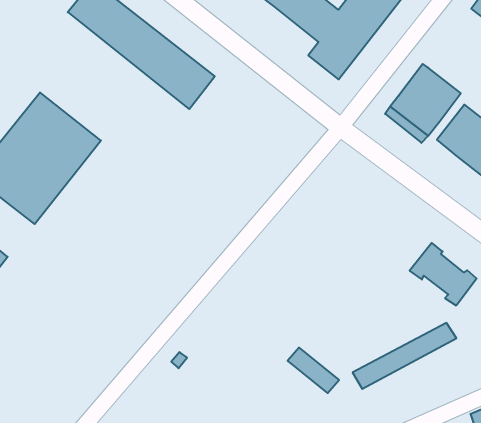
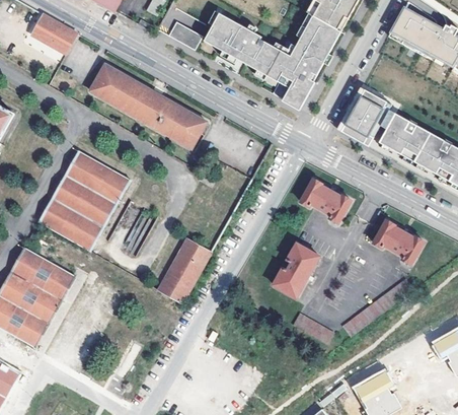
building: none -> [301,178,352,221]
building: none -> [159,236,210,294]
building: none -> [273,241,319,296]

